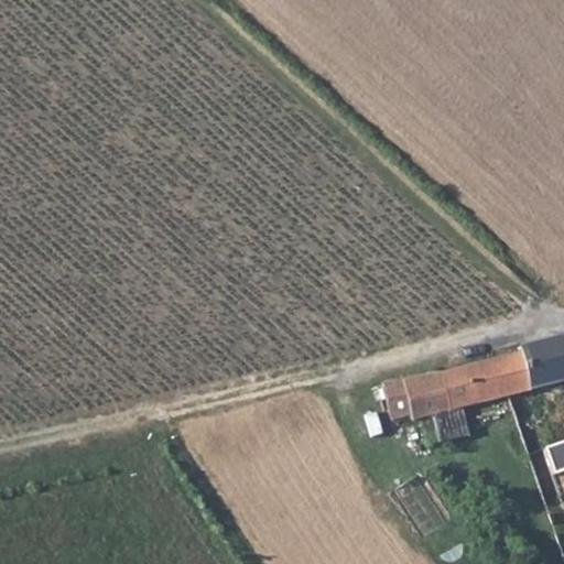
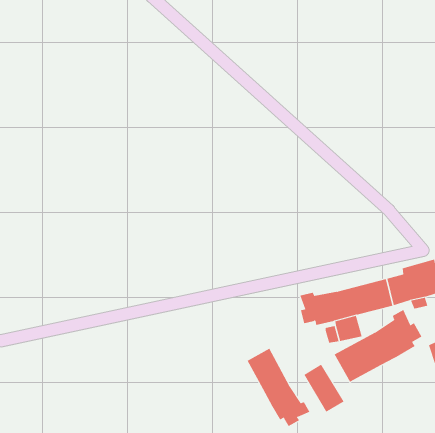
building: none -> [334,309,422,383]
building: none -> [247,348,310,427]

